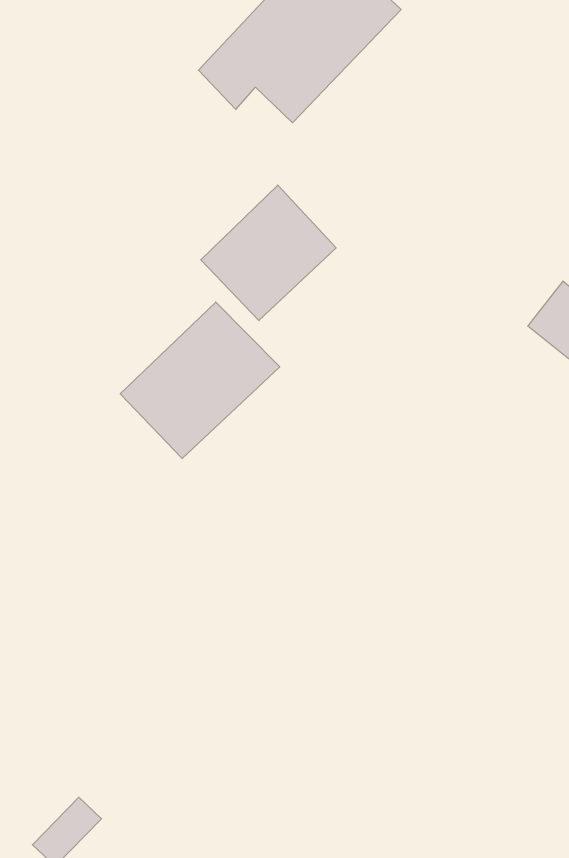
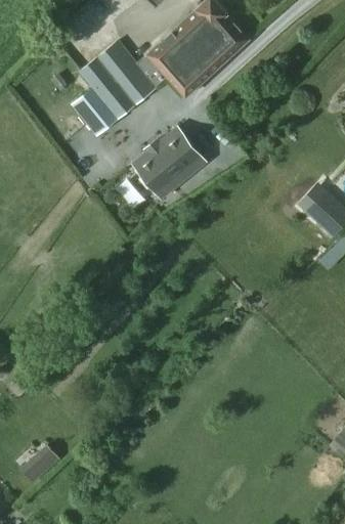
building: none -> [72,39,156,135]
building: [120,302,280,459] -> none

